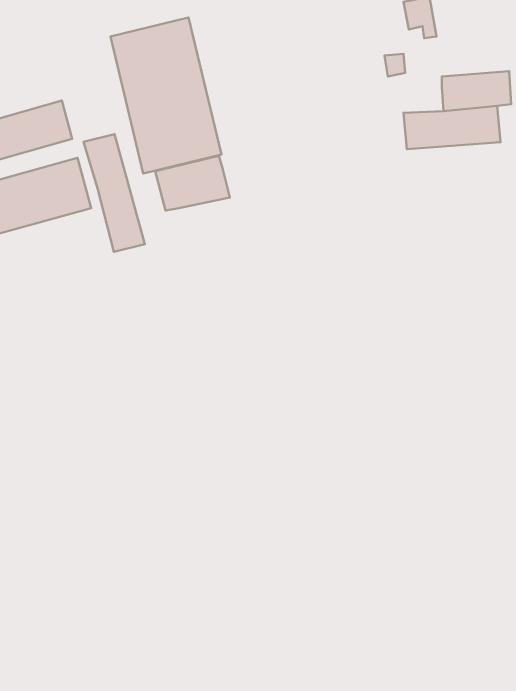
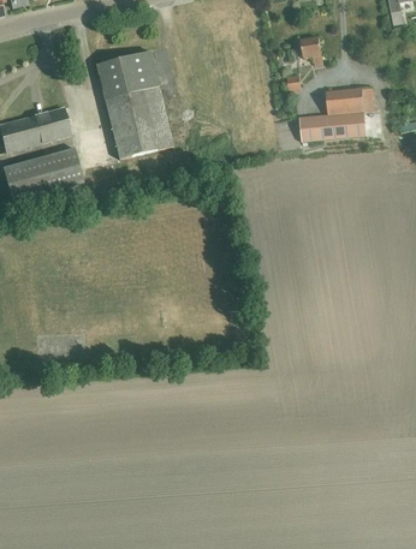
building: [83,134,145,252] -> none
building: [155,156,230,211] -> none

